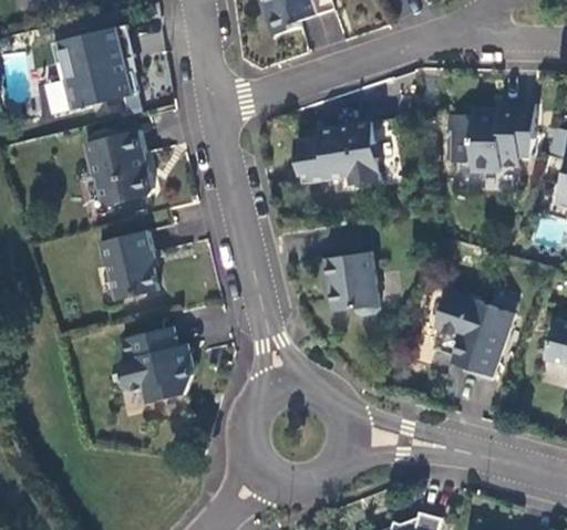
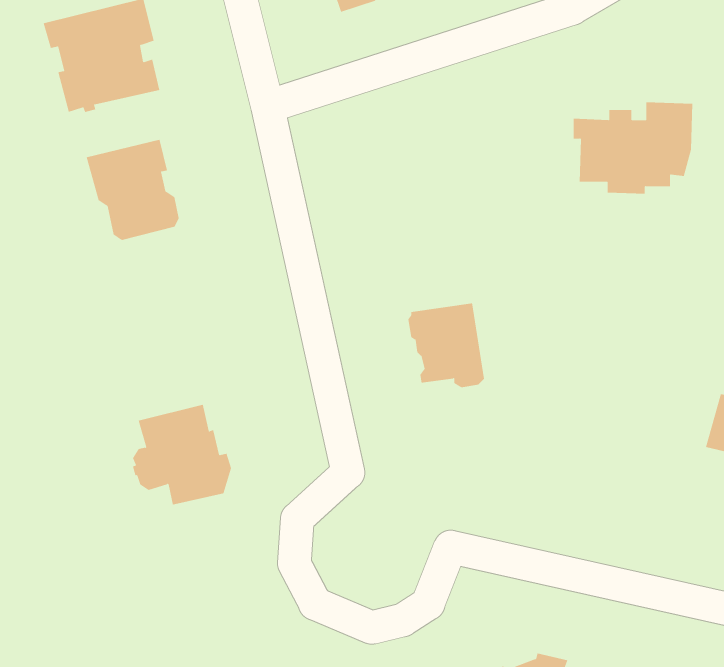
building: [296,121,380,184] -> none
building: [97,230,158,300] -> none
building: [432,290,514,380] -> none

